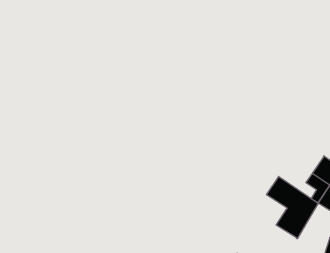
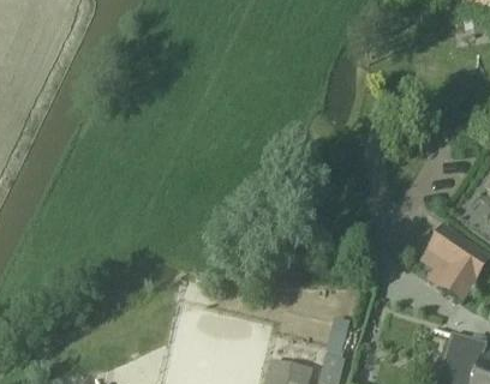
building: [267,176,318,239] -> none

